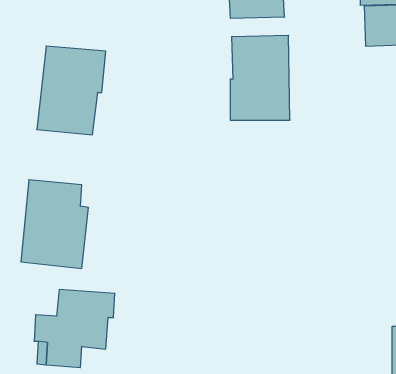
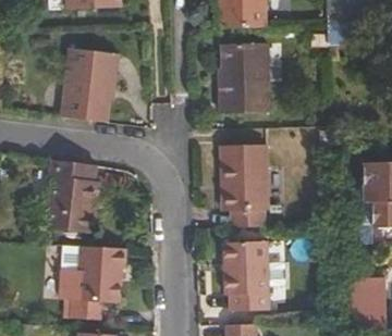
building: none -> [216,142,269,225]
building: none -> [224,238,269,309]

